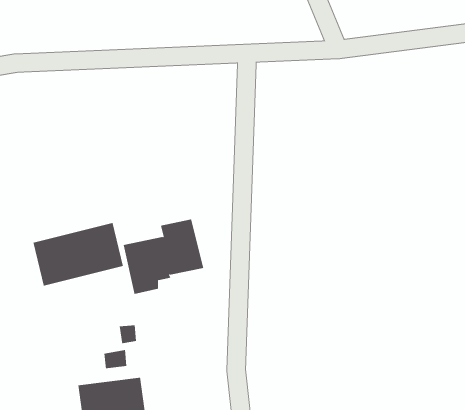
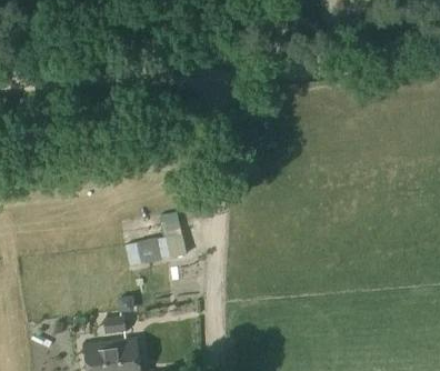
building: [33,222,124,287] -> none

